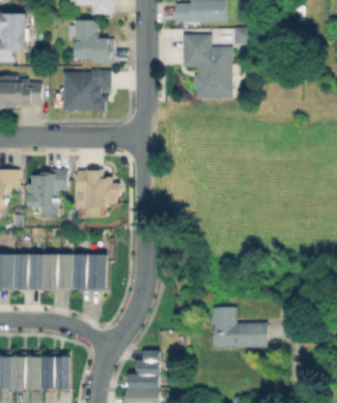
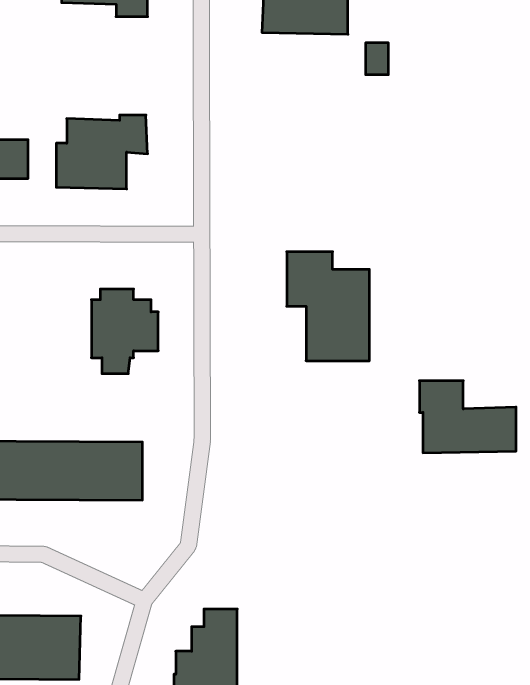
building: [75,20,113,61] -> none
building: [184,35,231,97] -> [287,252,369,361]
building: [30,171,65,205] -> none
building: [211,305,267,346] -> [419,381,516,453]

